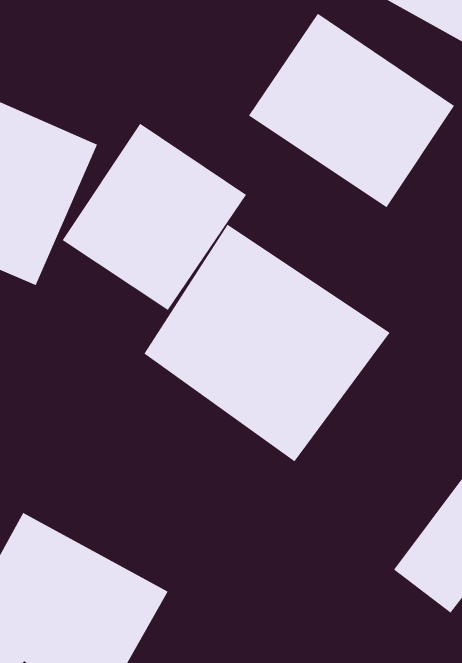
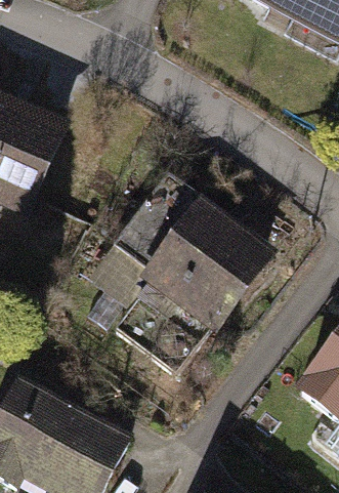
building: [248,13,455,208] -> none
building: [62,123,247,311] -> none

